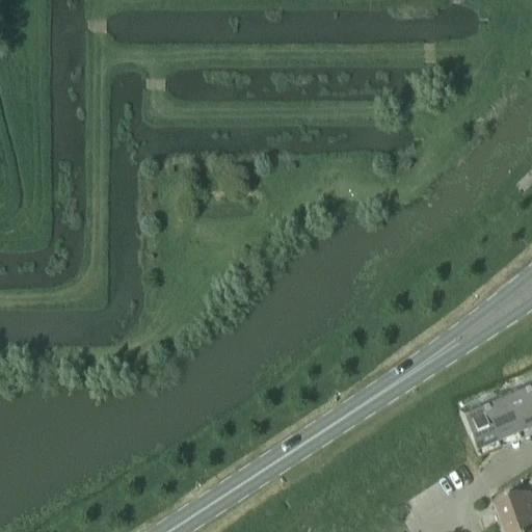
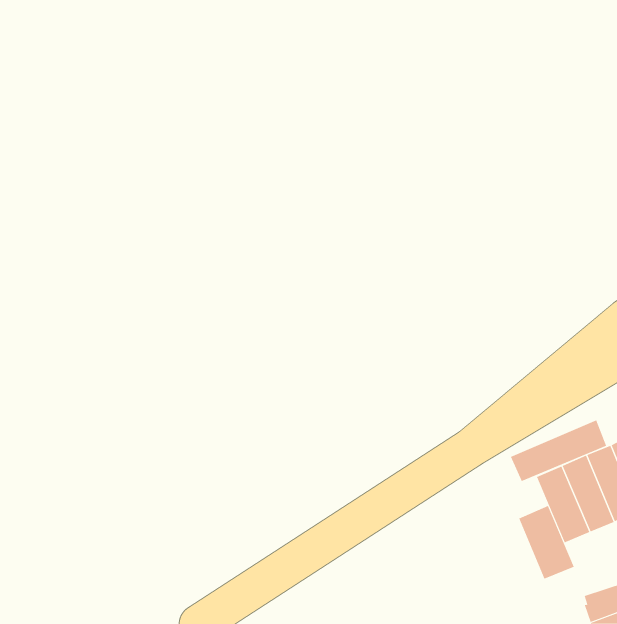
building: none -> [510,420,607,482]
building: none -> [519,505,575,579]

